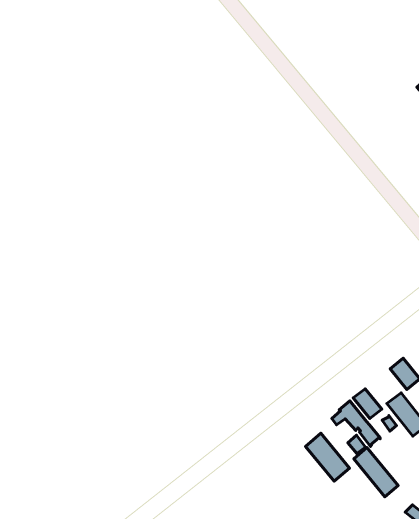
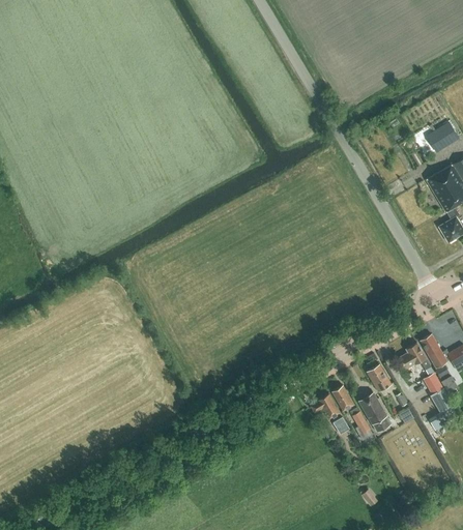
building: [306,433,350,481] -> none
building: [354,448,398,497] -> none

